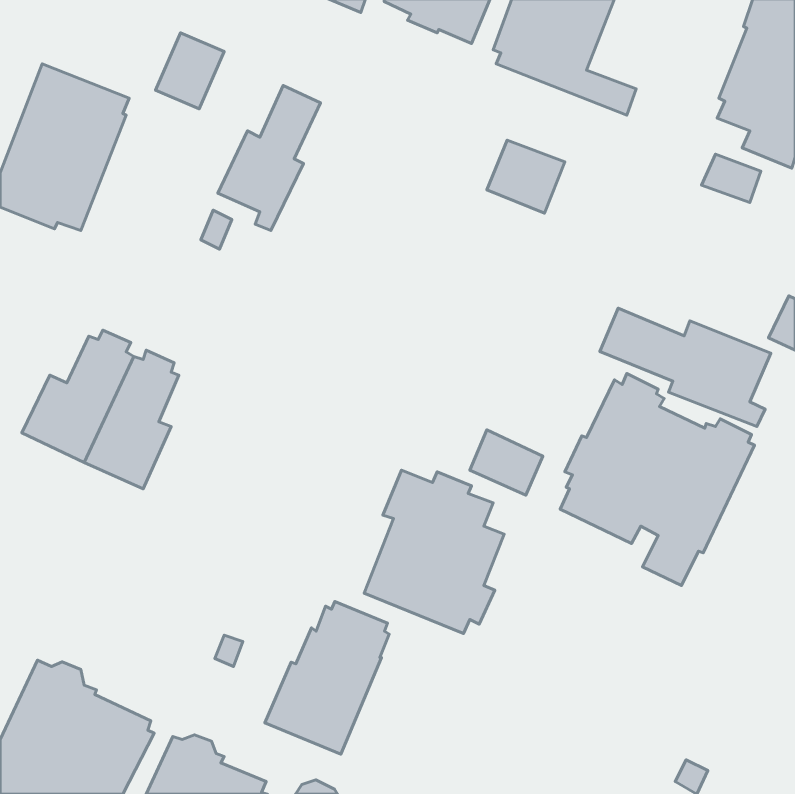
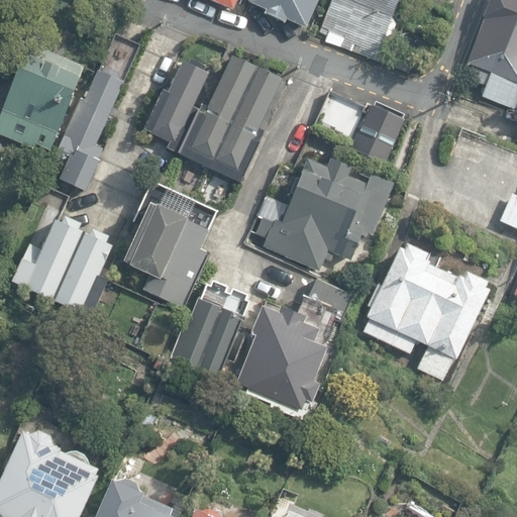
building: none -> [176,55,278,180]
building: none -> [51,67,125,189]
building: none -> [353,100,408,163]
building: none -> [254,159,394,271]
building: [600,308,771,426] -> none
building: none -> [123,202,211,308]
building: [265,601,389,754] -> [168,280,248,379]

